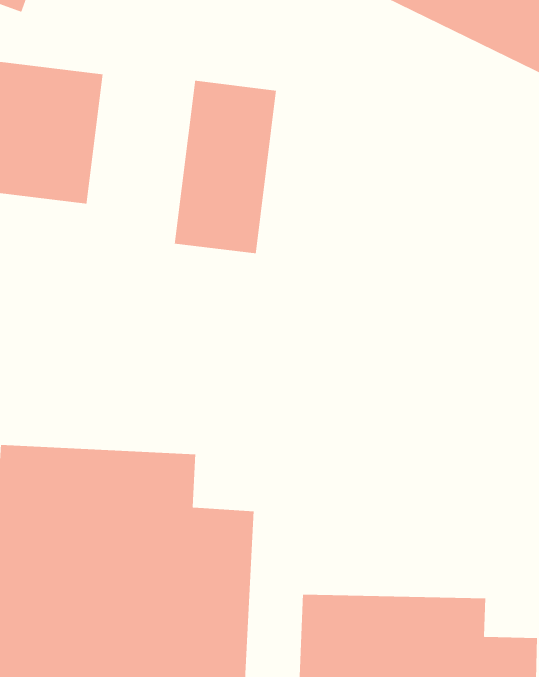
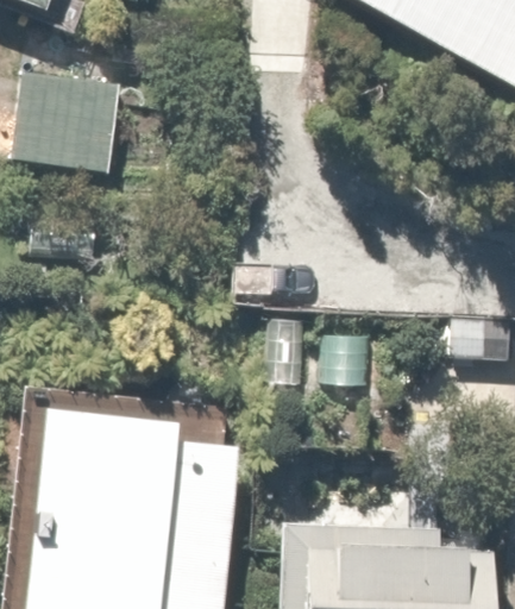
building: [174,80,277,254] -> none

